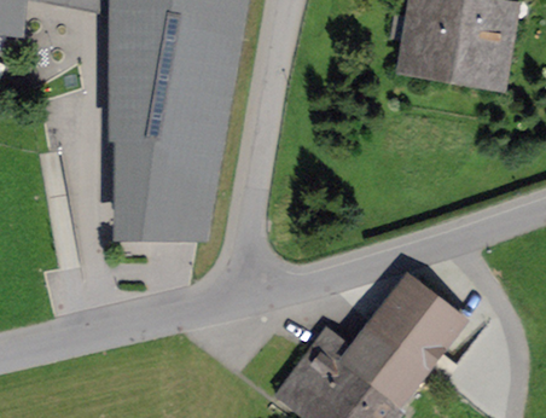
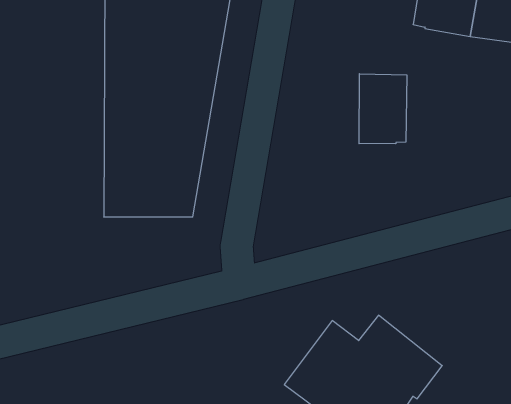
building: none -> [359,74,407,144]
building: [370,279,464,371] -> none

